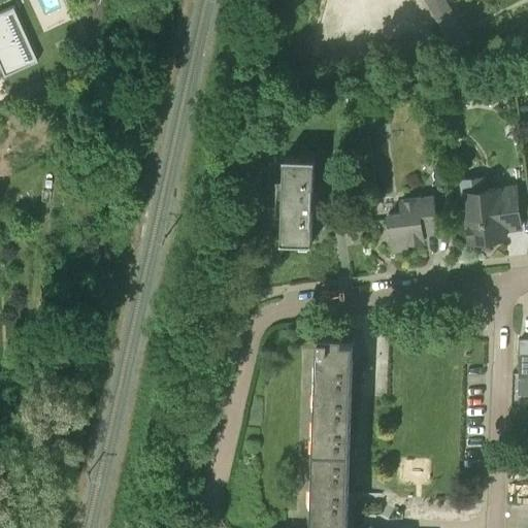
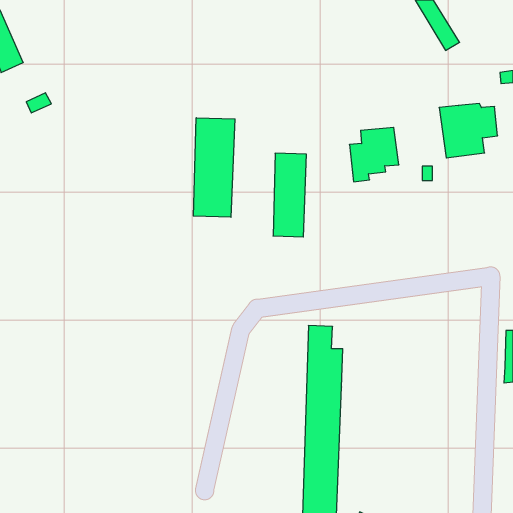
building: none -> [193,118,235,217]
building: [458,188,518,243] -> [439,104,498,158]
building: [386,197,436,253] -> [349,127,399,182]

